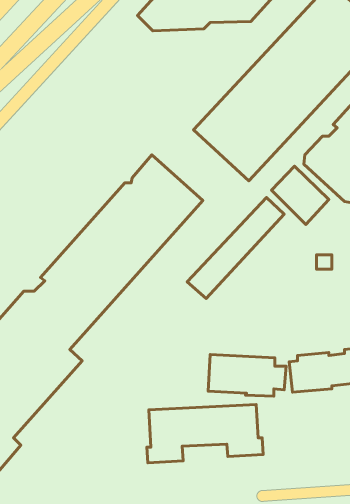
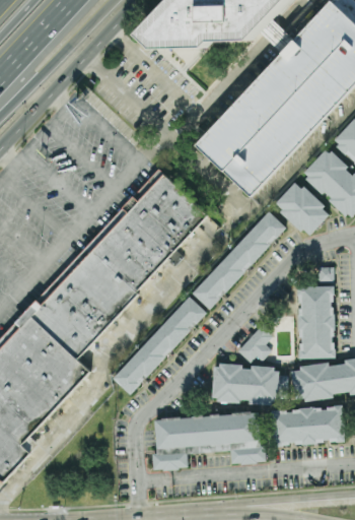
building: none -> [298,285,335,358]
building: none -> [113,296,207,394]
building: none -> [236,323,274,363]
building: none -> [271,406,344,445]

